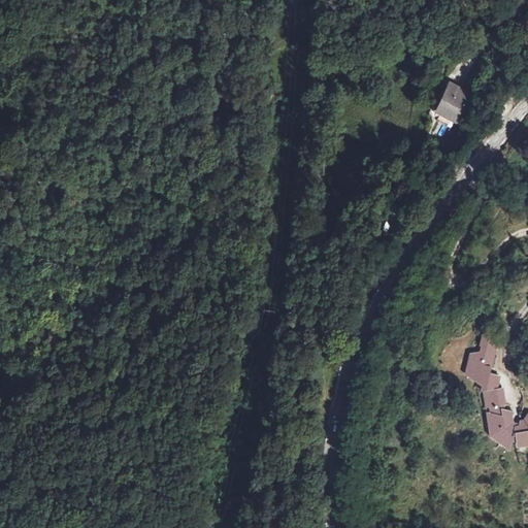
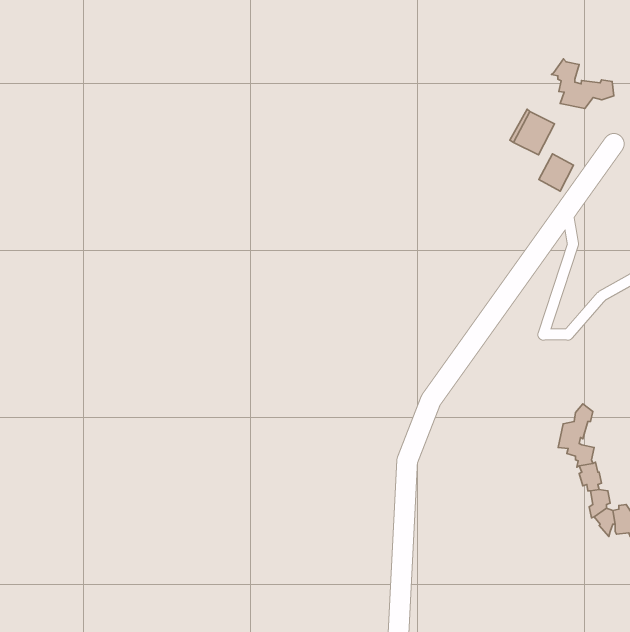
building: none -> [551,59,614,109]
building: none -> [539,154,573,191]

